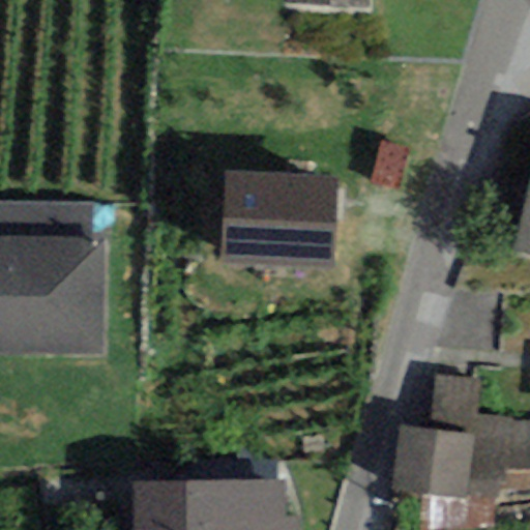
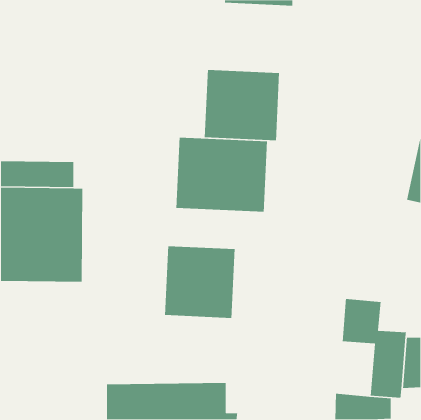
building: none -> [204,69,280,141]
building: none -> [164,245,235,319]
building: [391,428,470,498] -> none

